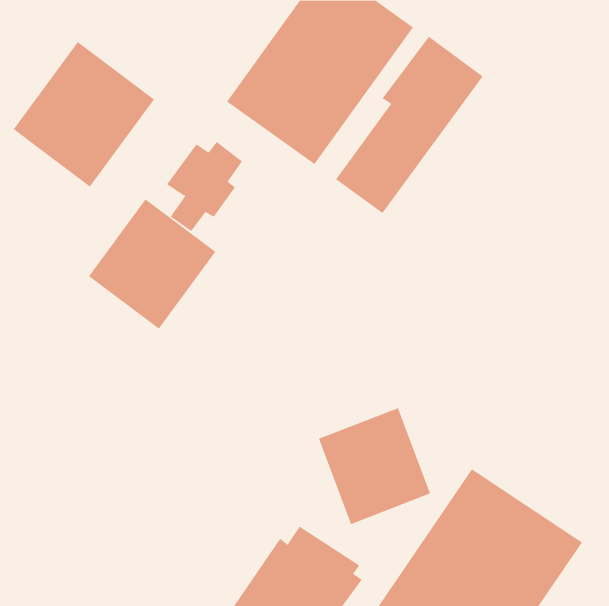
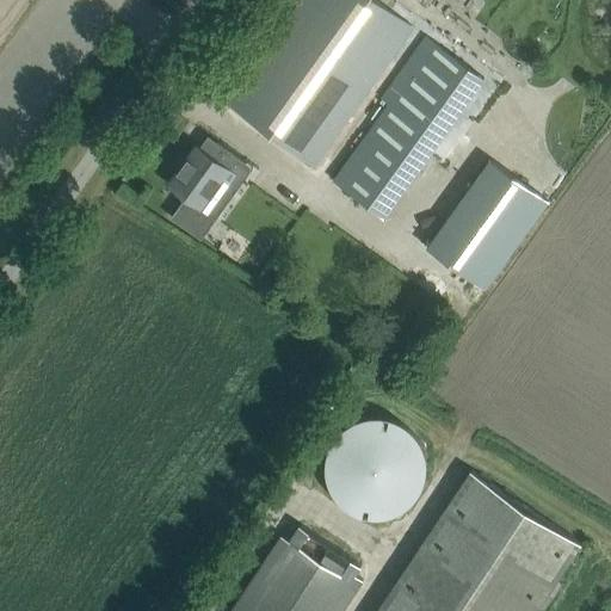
building: [13,41,155,187] -> none
building: none -> [426,162,549,292]
building: [88,199,216,329] -> none

